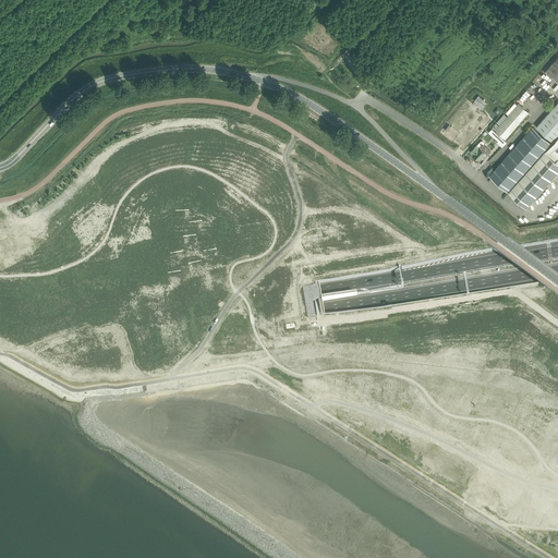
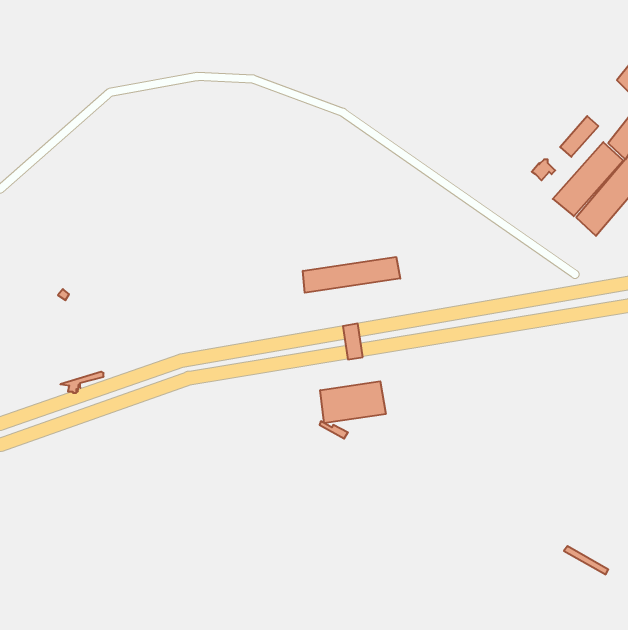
building: none -> [303,257,400,293]
building: none -> [320,381,386,423]

